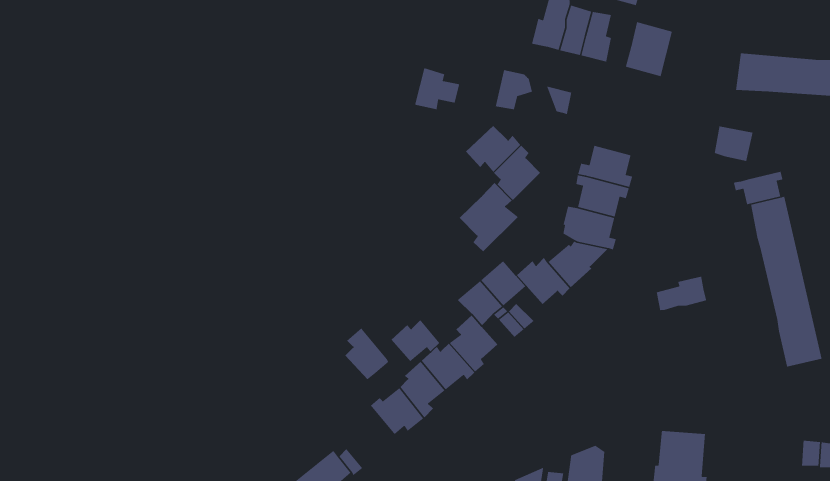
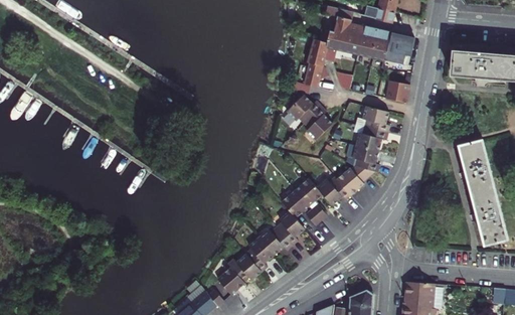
building: none -> [372,27,390,59]
building: [414,67,460,110] -> [308,37,336,63]
building: [714,126,753,162] -> [384,81,408,103]
building: [733,171,783,205] -> none
building: [459,182,519,252] -> none
building: [656,276,707,312] -> none
building: [391,319,440,362] -> none
building: [345,327,389,380] -> [216,265,243,297]

